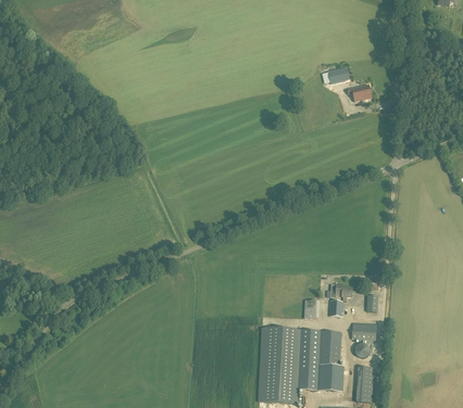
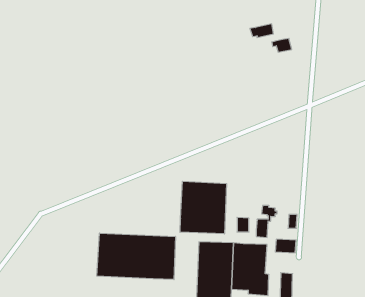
building: none -> [180,181,227,234]
building: none -> [97,233,175,280]

